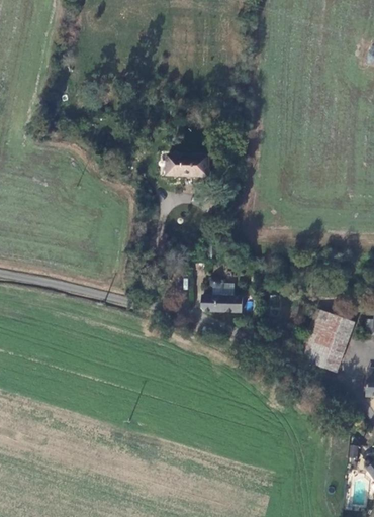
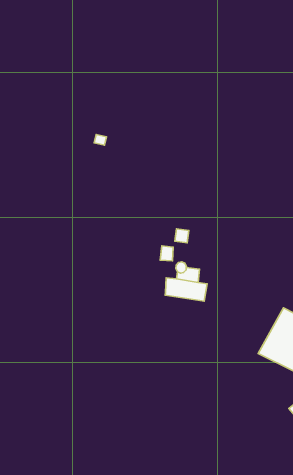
building: [168,154,210,176] -> none

